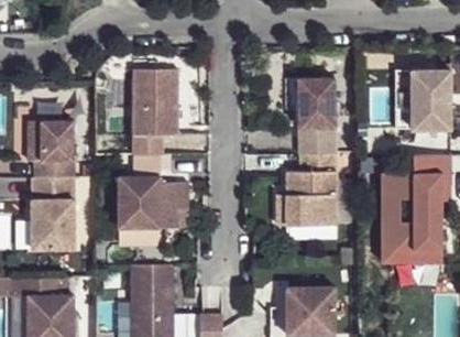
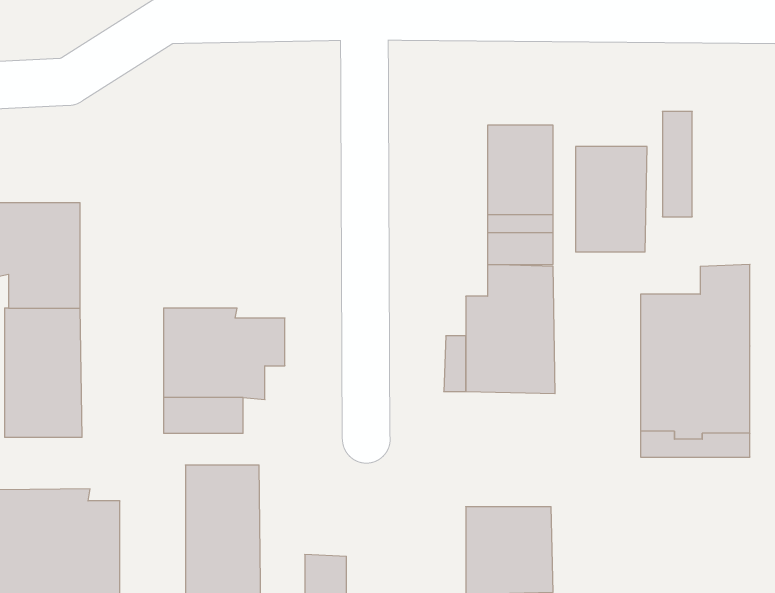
building: [410,68,450,127] -> [576,147,647,252]
building: [142,69,186,153] -> none

